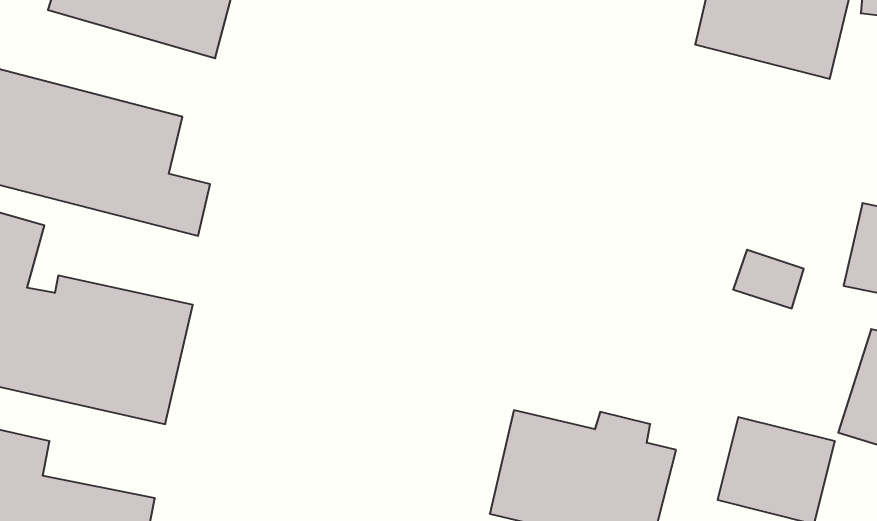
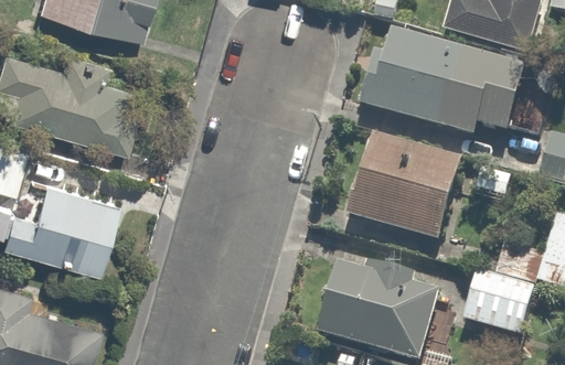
building: none -> [348,32,520,137]
building: none -> [348,132,468,244]

